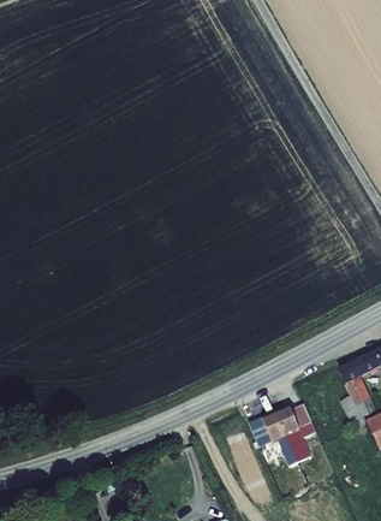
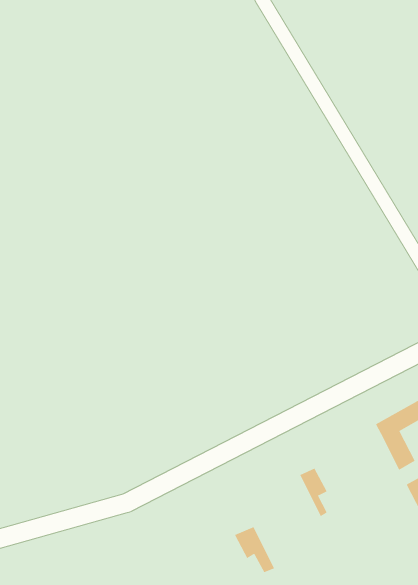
building: [261,412,296,451] -> [234,527,275,573]

